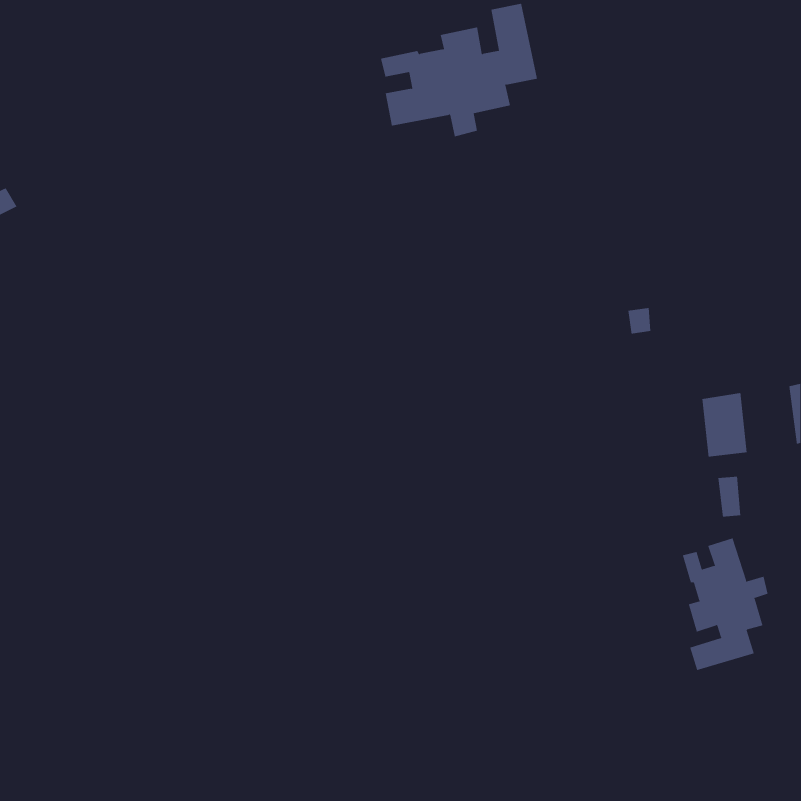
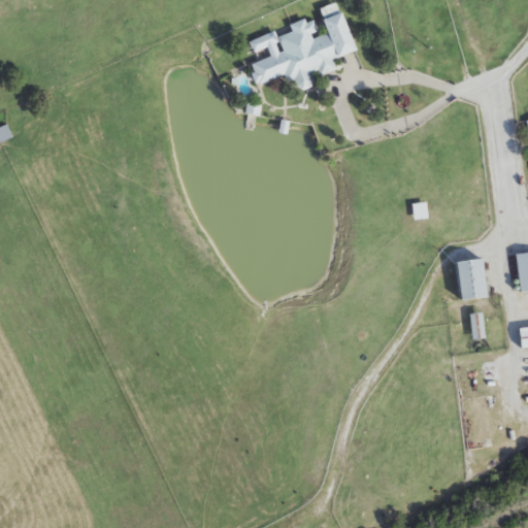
building: [682,537,768,671] -> none

